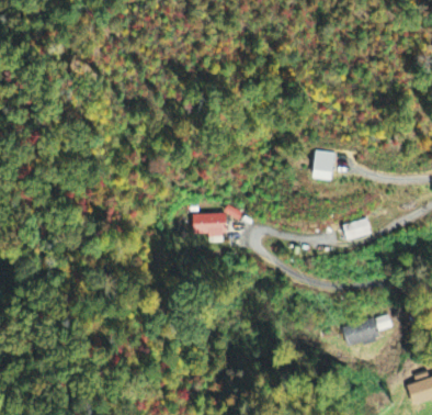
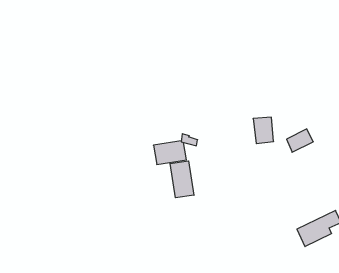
building: [314,150,334,179] -> [253,117,274,144]
building: none -> [170,161,194,198]

